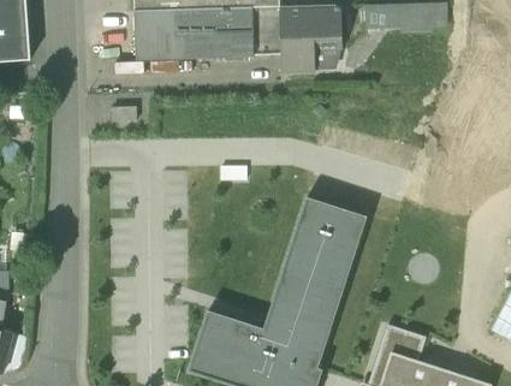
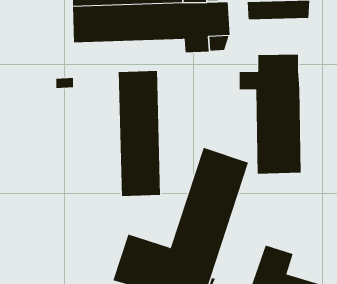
building: none -> [239,54,301,174]
building: none -> [118,70,161,197]

